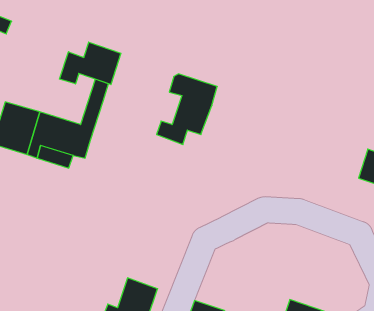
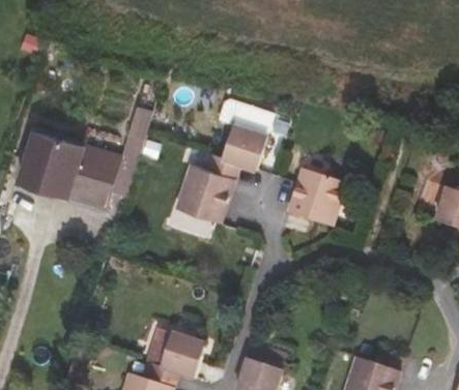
building: [59,42,121,85] -> none
building: none -> [177,164,234,223]
building: none -> [287,170,345,226]

